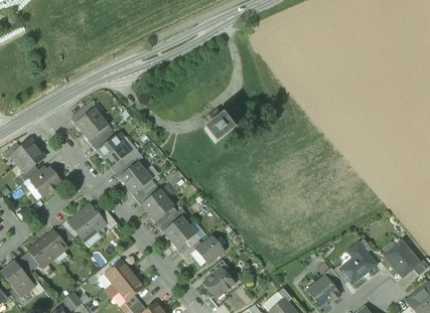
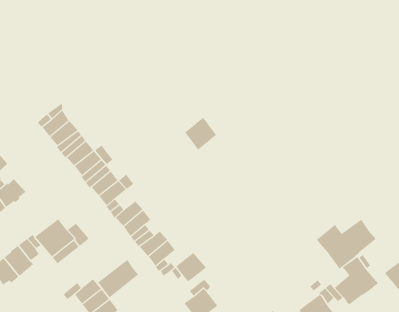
building: none -> [316,219,376,270]
building: none -> [97,259,139,298]

